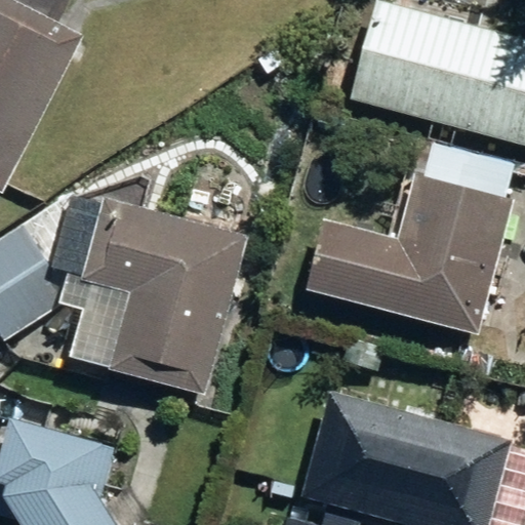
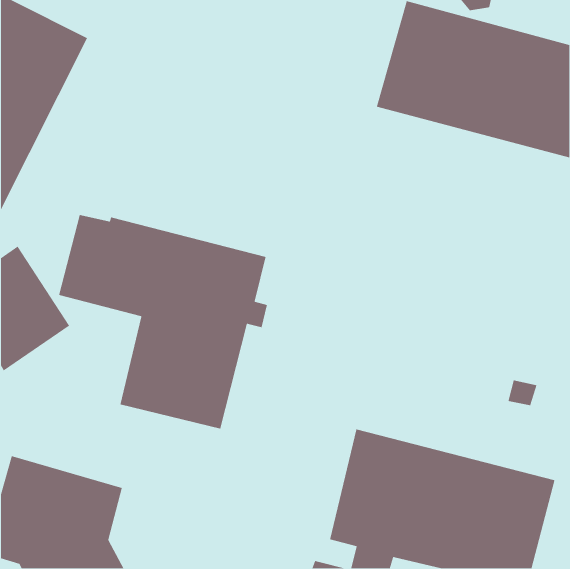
building: [309,132,510,332] -> none

